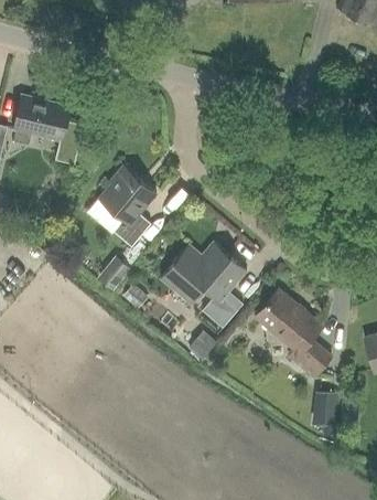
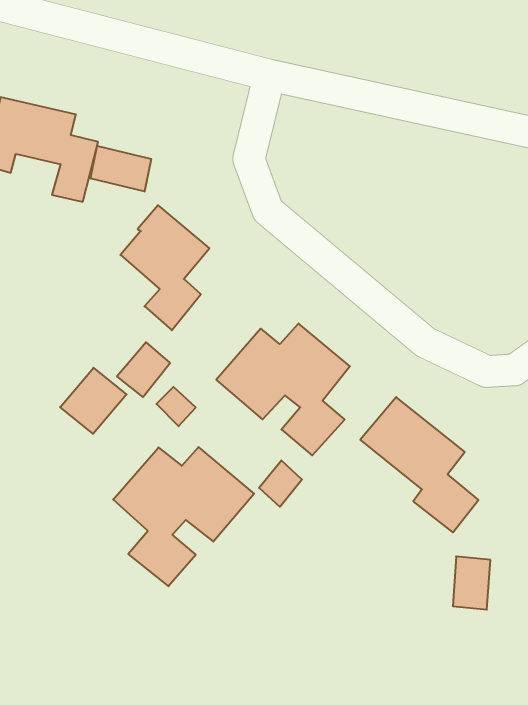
building: none -> [91,146,151,192]
building: none -> [60,368,127,434]
building: none -> [113,447,254,586]

